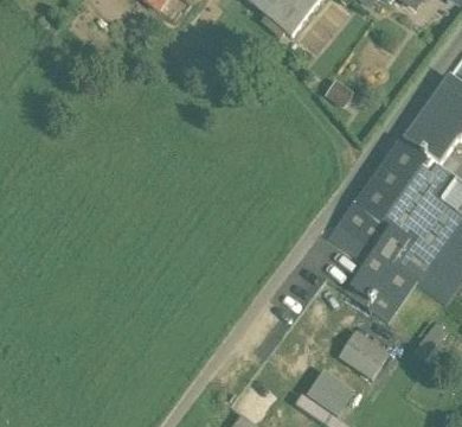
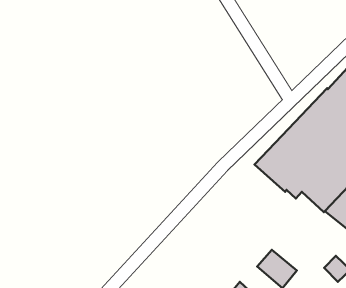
building: [341,262,411,320] -> none

